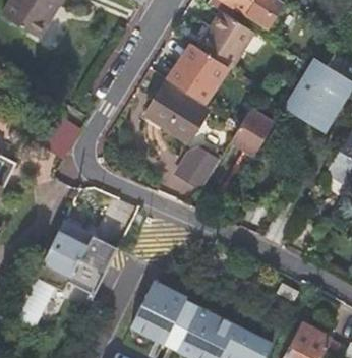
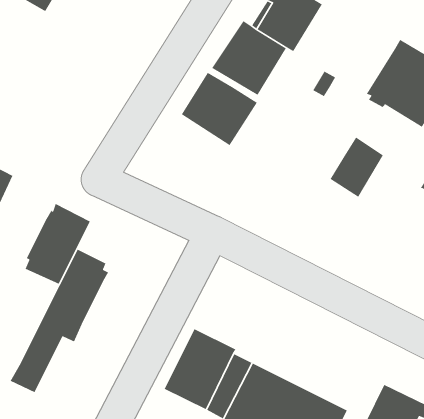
building: [231,108,273,155] -> [329,137,384,198]
building: [176,150,218,189] -> none
building: [69,232,120,295] -> [25,203,91,285]

